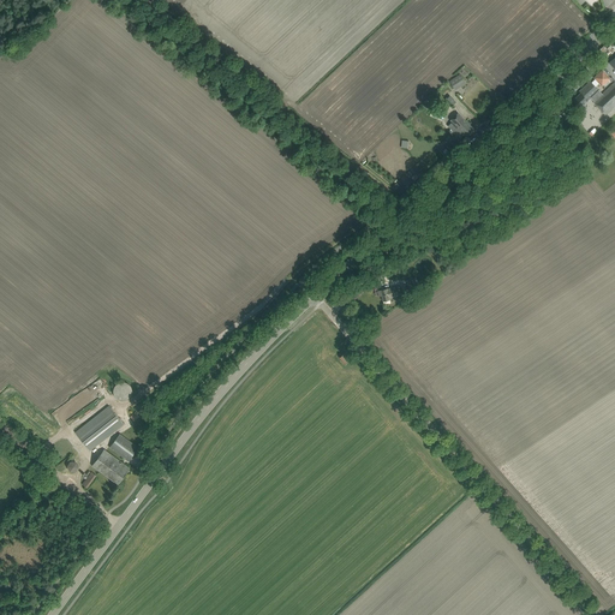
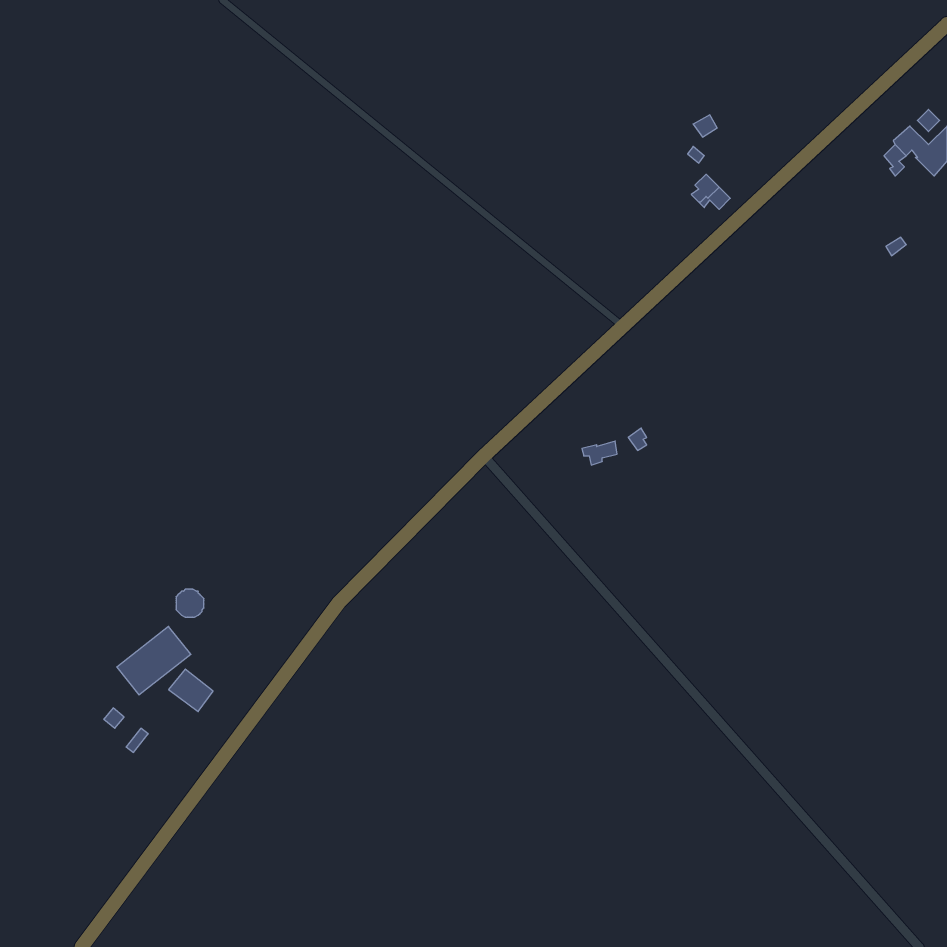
building: [92,449,130,484] -> none

